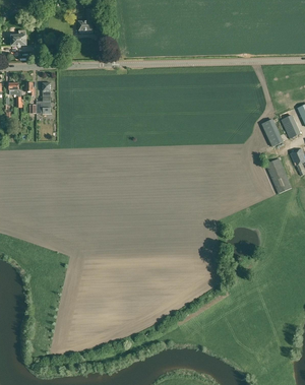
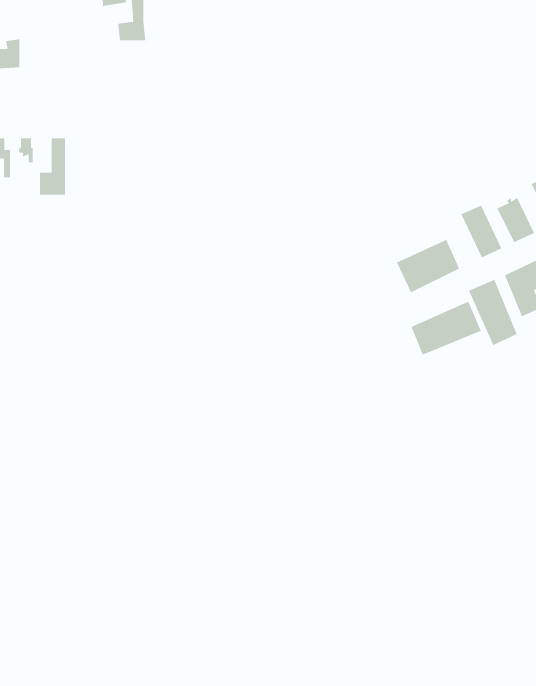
building: none -> [396,239,460,293]
building: none -> [411,301,482,355]

